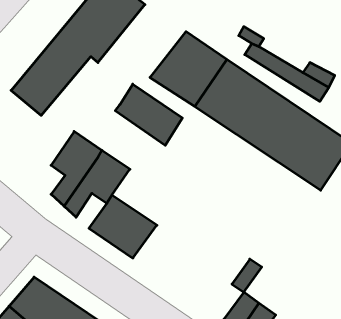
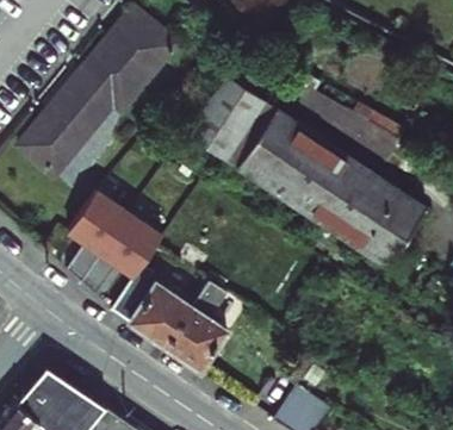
building: [115,84,182,145] -> none
building: none -> [165,281,229,370]

